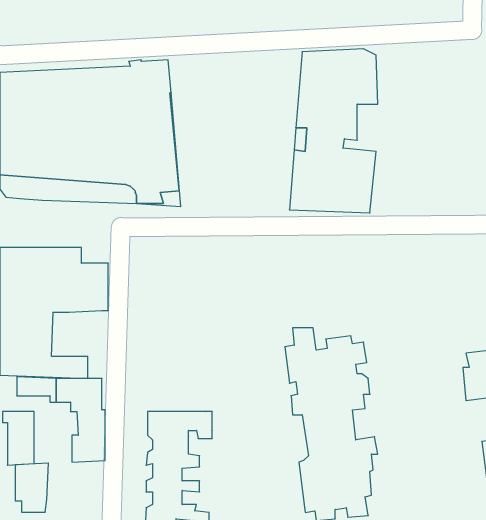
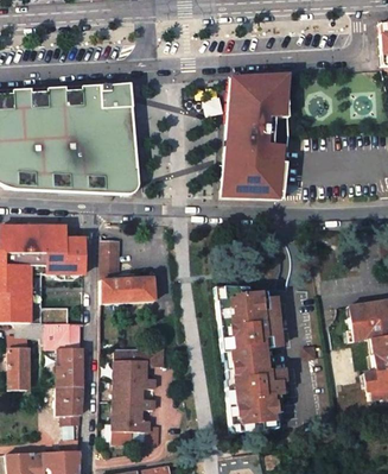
building: none -> [261,118,288,153]
building: none -> [100,240,154,303]
building: [15,463,48,512] -> [57,386,82,423]

